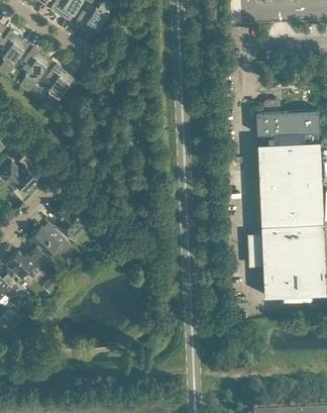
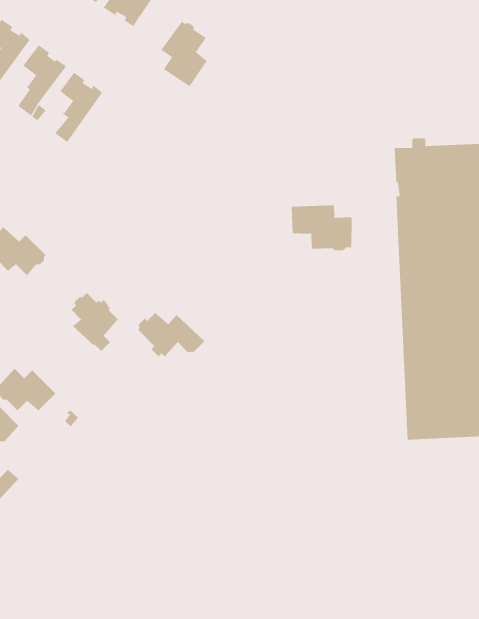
building: none -> [161,21,207,87]
building: none -> [291,204,352,251]
building: [30,227,73,255] -> [137,312,205,357]

